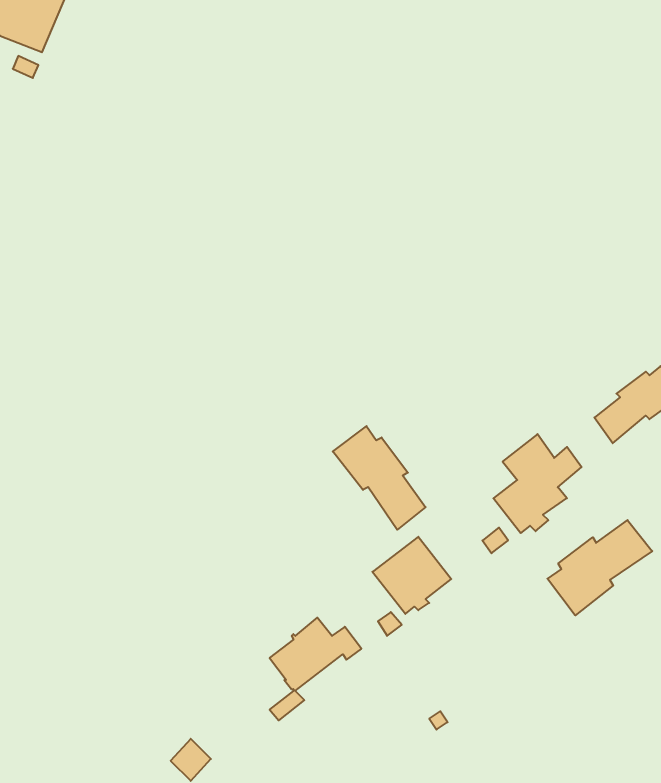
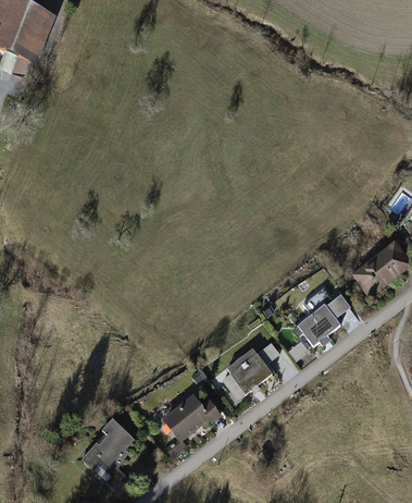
building: [333,426,426,530] -> none
building: [547,520,652,615] -> none
building: none -> [82,418,134,469]

